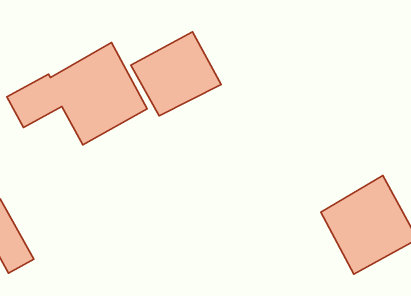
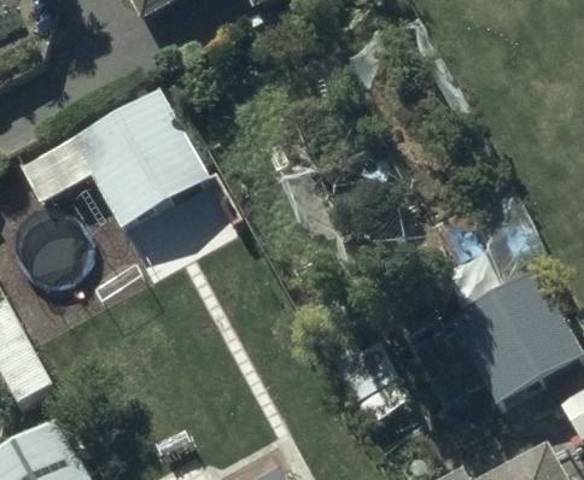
building: [131,32,221,116] -> none

